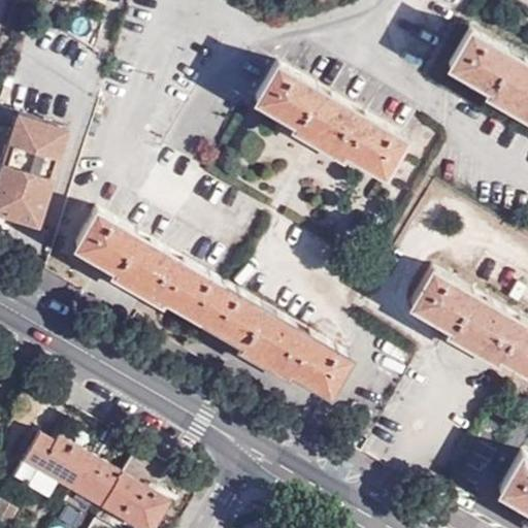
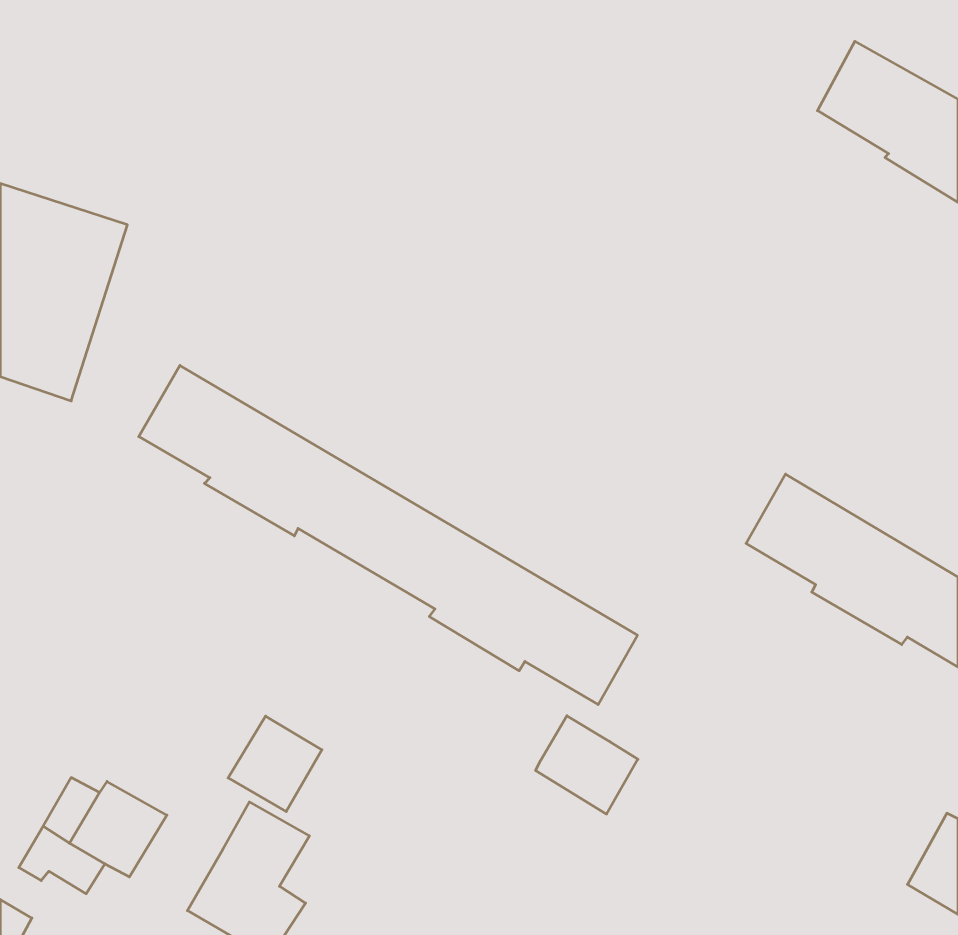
building: [256,69,404,179] -> none
building: none -> [536,716,638,814]
building: [71,461,123,514] -> [228,716,322,812]

